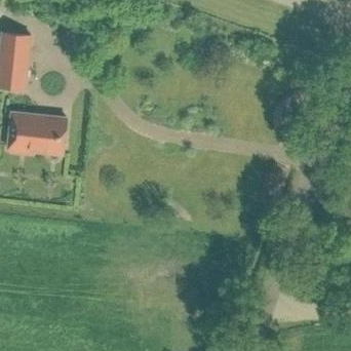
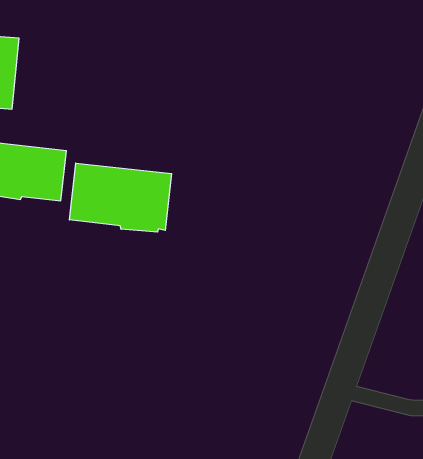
building: none -> [70,163,172,232]

